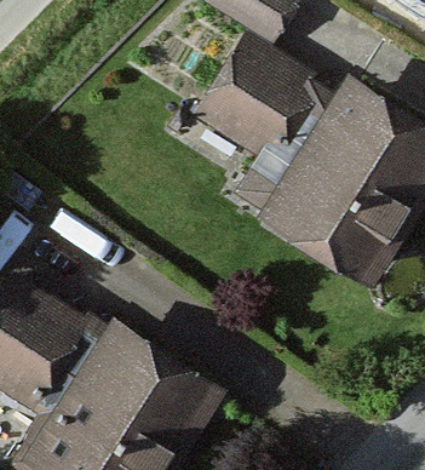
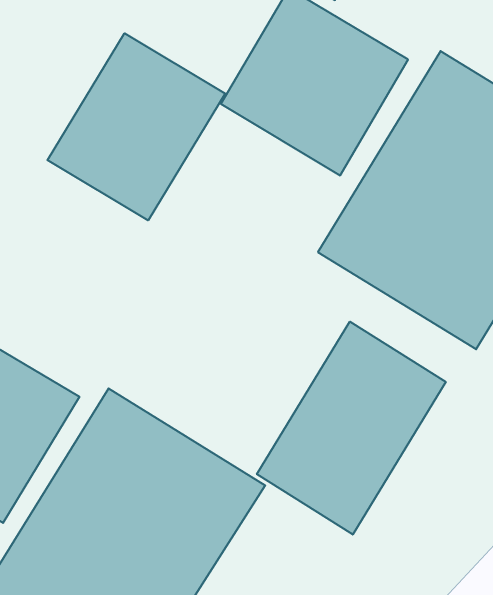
building: none -> [47,33,225,220]
building: none -> [257,322,446,535]

